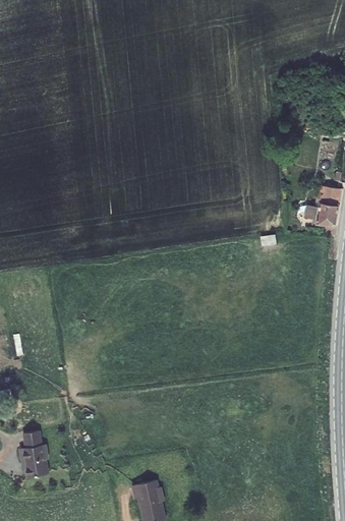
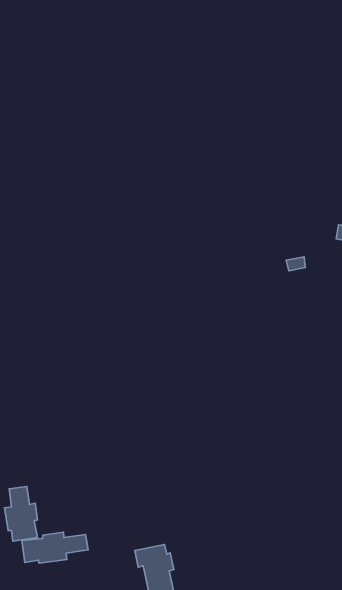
building: none -> [22,532,88,563]

